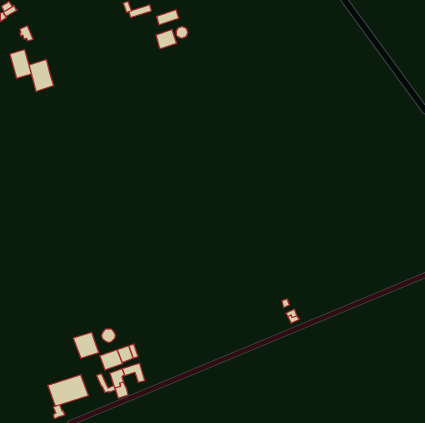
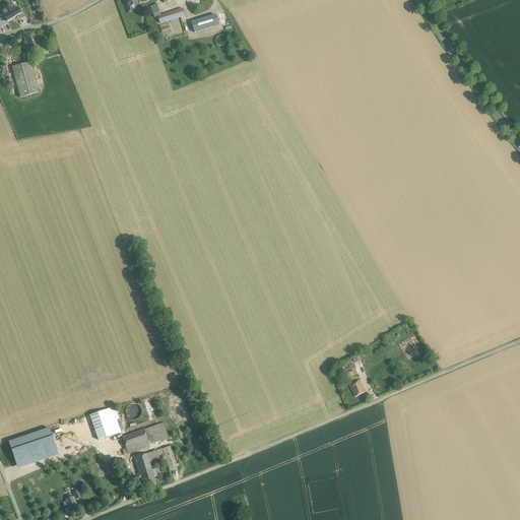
building: [156,29,176,49] -> none
building: [29,60,53,91] -> none
building: [48,375,88,406] -> [9,428,59,466]

